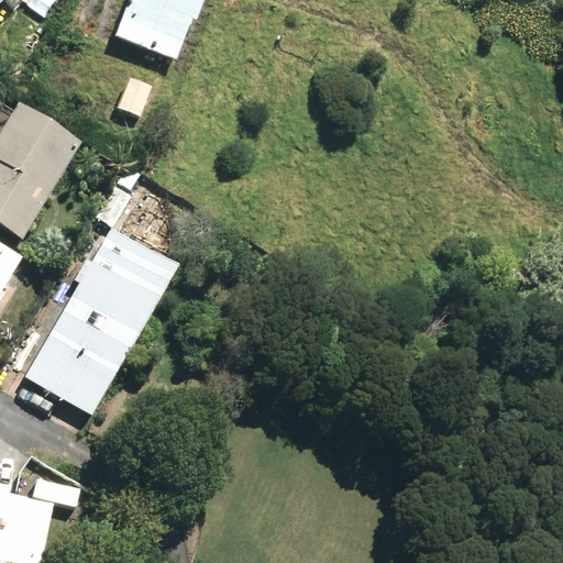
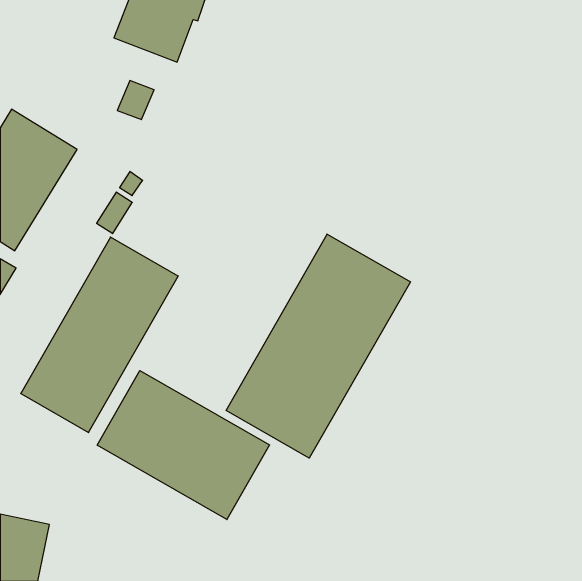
building: none -> [226,234,410,458]
building: none -> [97,371,270,520]

